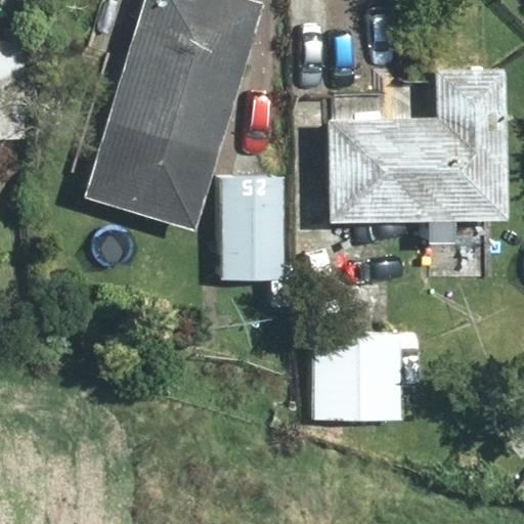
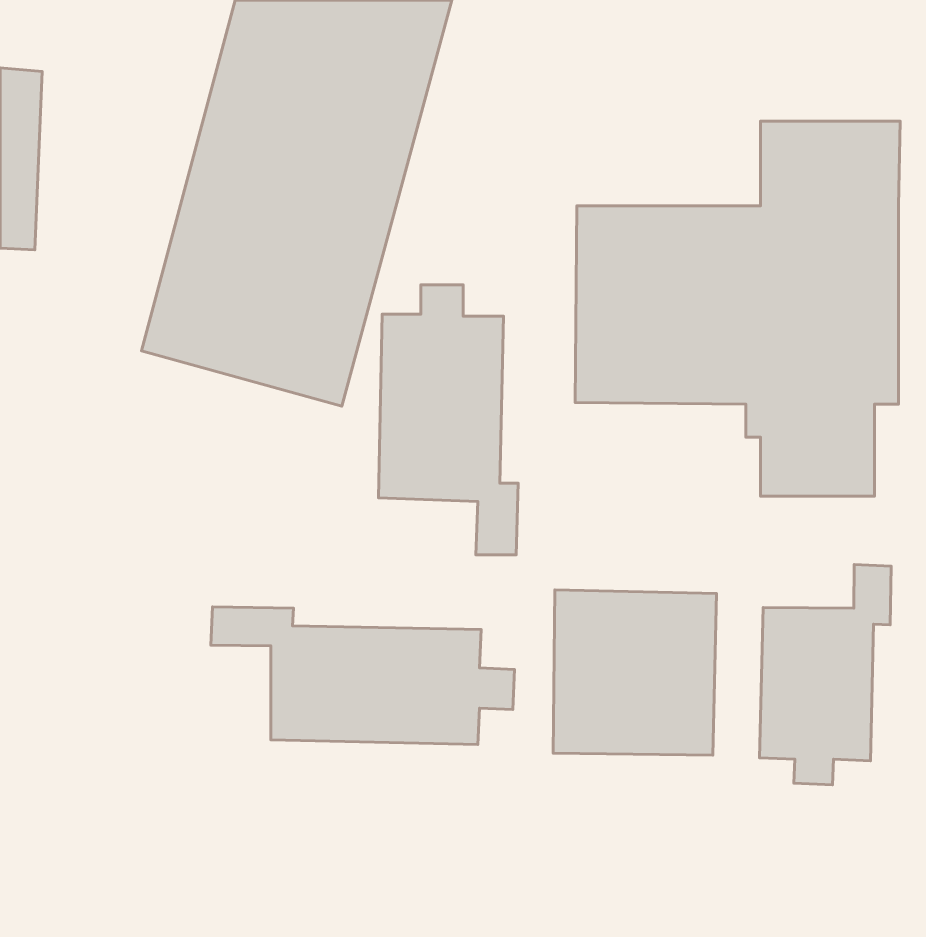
building: none -> [760,565,891,785]
building: none -> [211,607,515,745]

